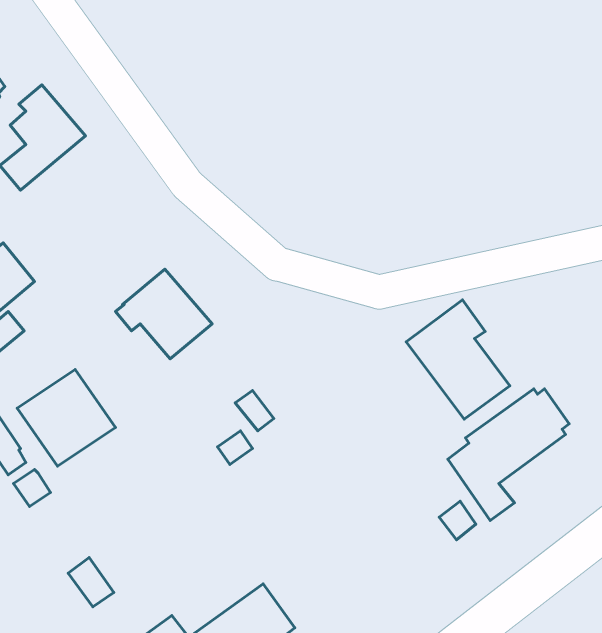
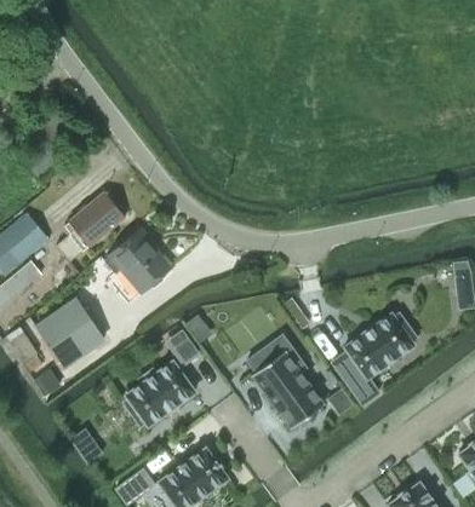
building: none -> [56,191,124,261]
building: [406,300,510,419] -> [253,345,325,427]
building: none -> [124,361,195,426]

